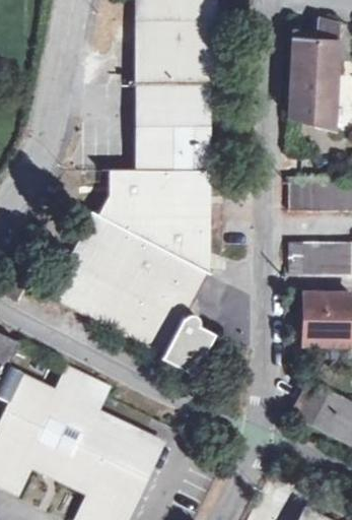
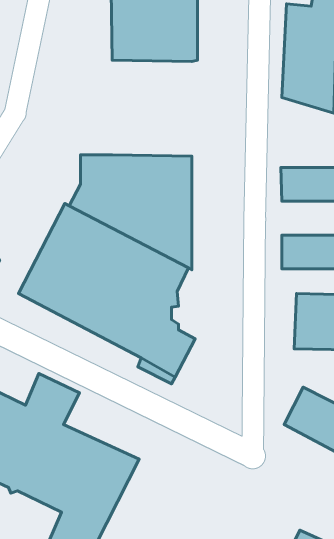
building: [137,83,209,170] -> none

